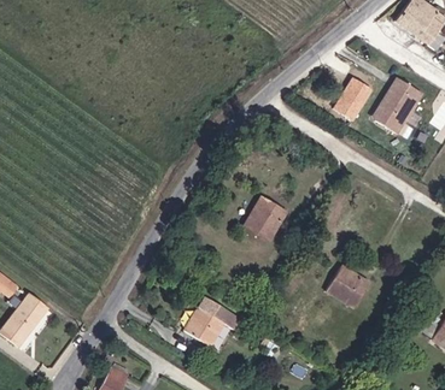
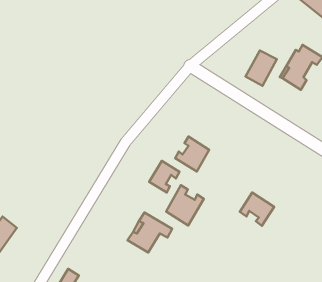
building: none -> [149,161,180,193]
building: none -> [166,185,204,226]

